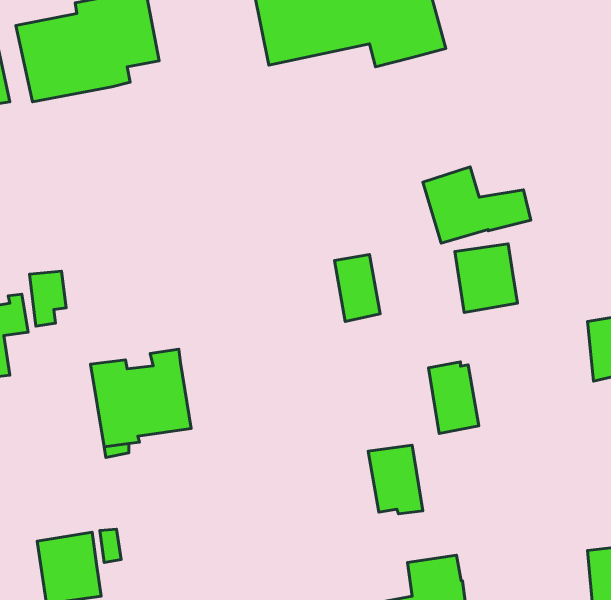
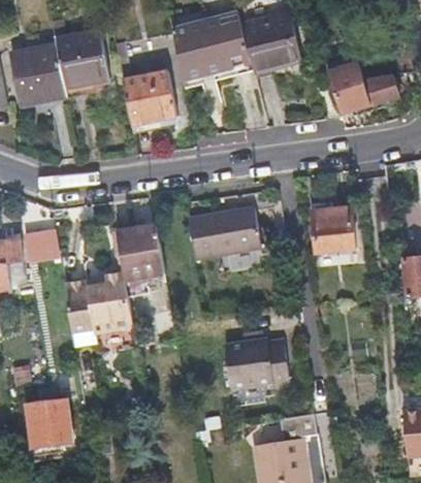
building: none -> [117,44,176,124]
building: [423,167,531,243] -> [329,63,402,115]
building: none -> [187,213,236,261]
building: none -> [117,224,165,282]
building: [428,362,479,433] -> [225,340,259,388]

